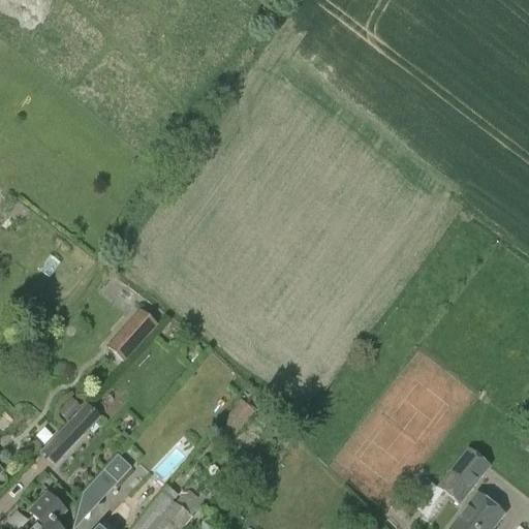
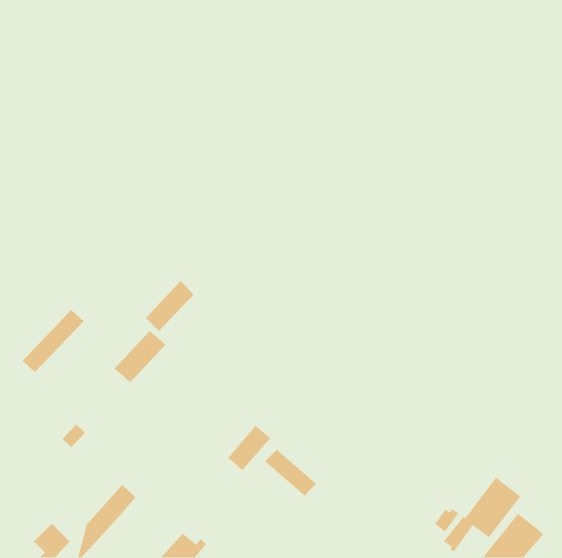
building: none -> [145,280,194,332]
building: [40,404,99,464] -> [22,309,85,373]
building: none -> [264,449,317,497]

